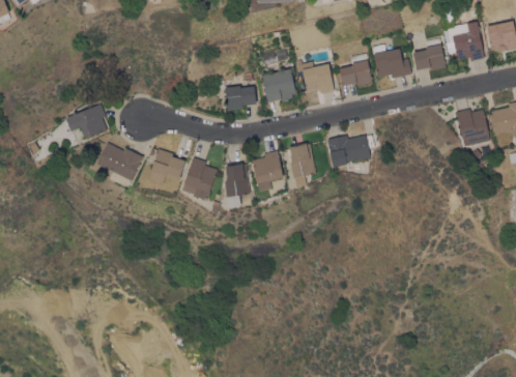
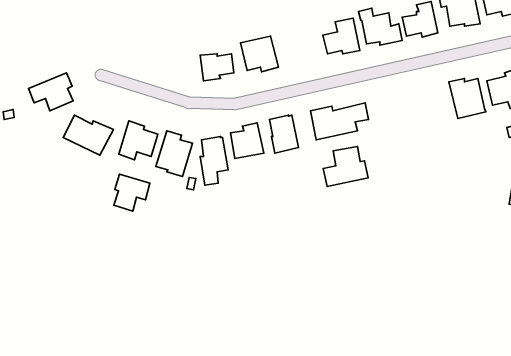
building: [296,61,334,93] -> none
building: none -> [323,146,368,186]
building: none -> [114,174,150,211]

